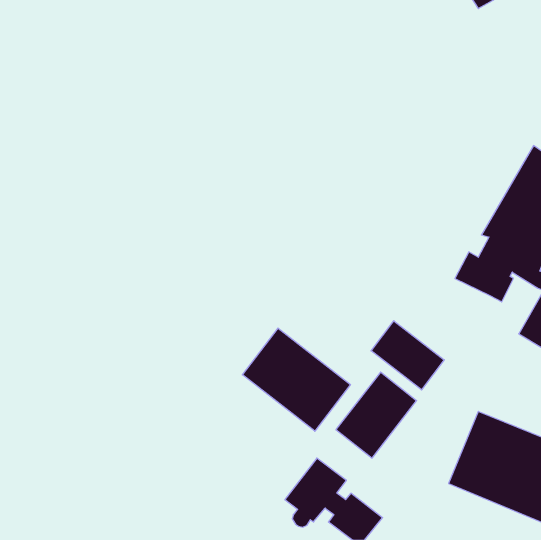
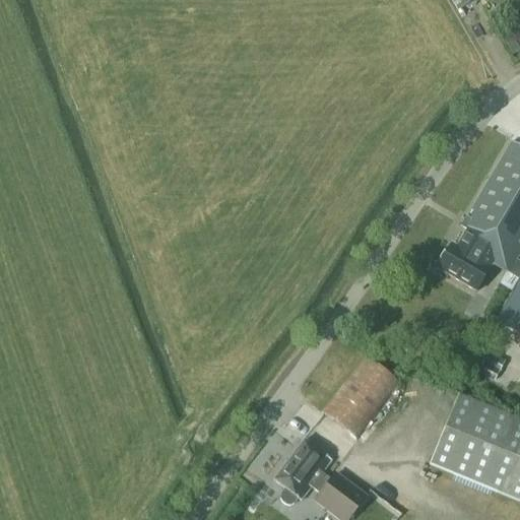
building: [371,321,444,390] -> none
building: [242,328,350,431] -> none

